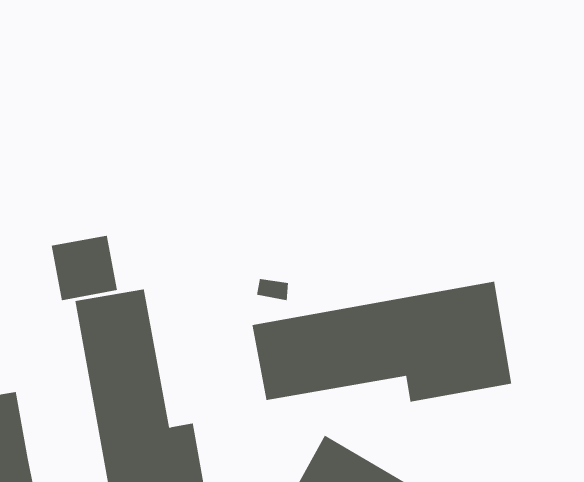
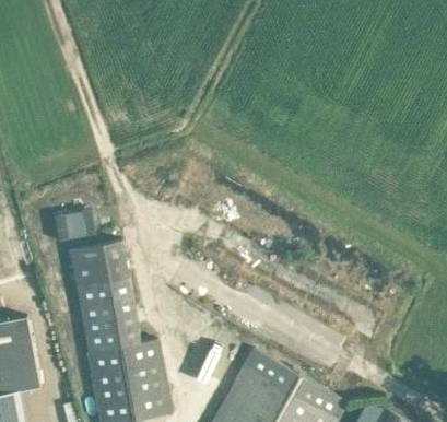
building: [252,281,512,403] -> none

